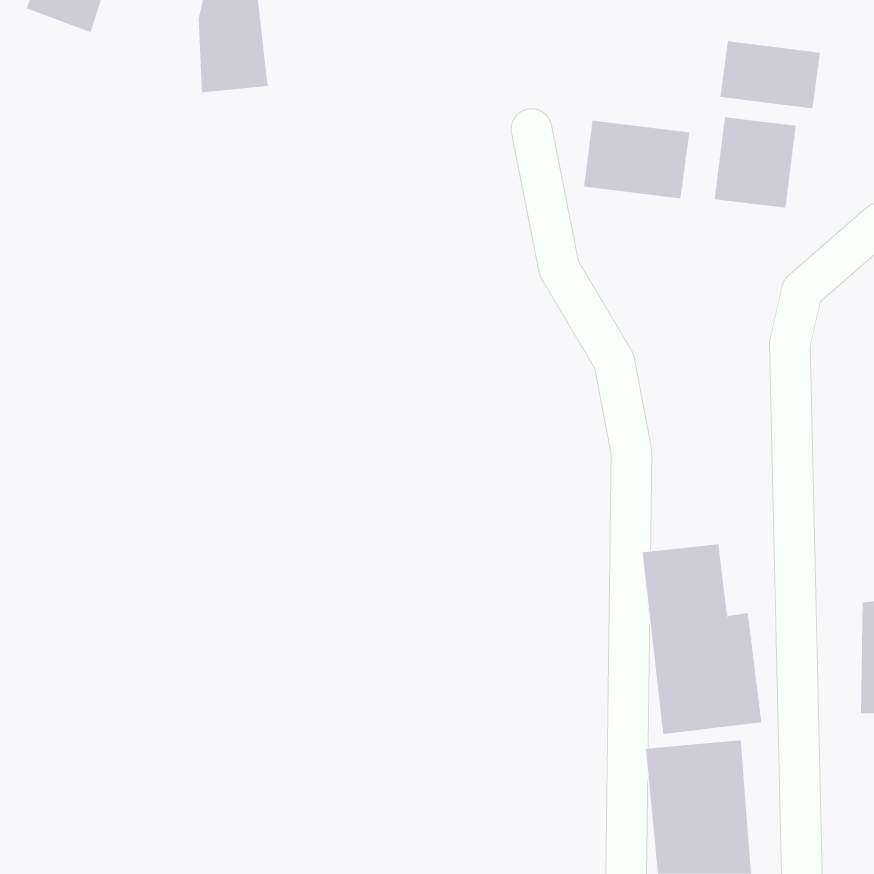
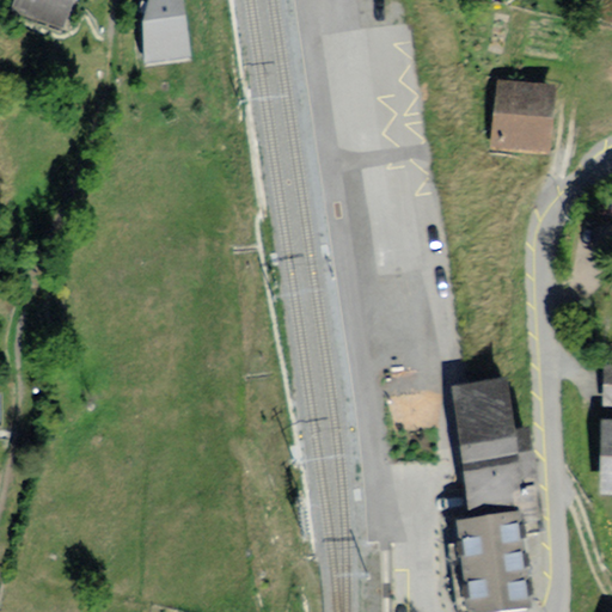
building: [720,41,820,109] -> none
building: [583,120,690,199] -> none

